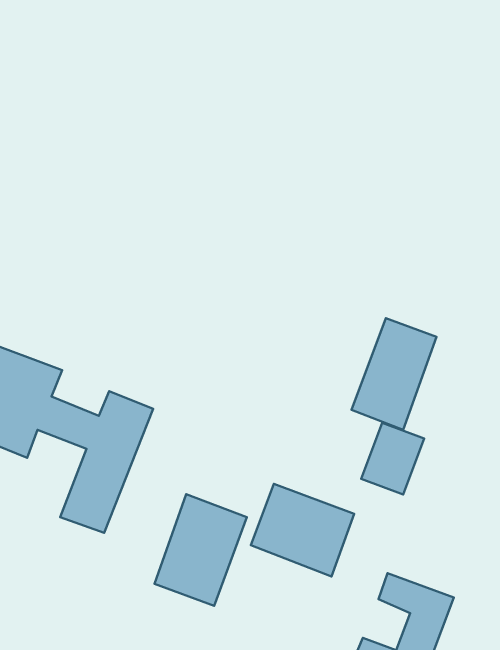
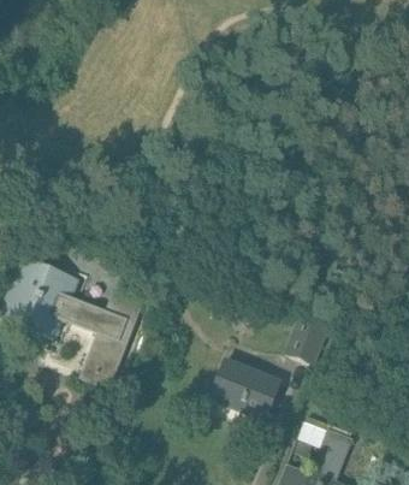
building: [351,318,437,430] -> none
building: [155,494,247,606] -> none

